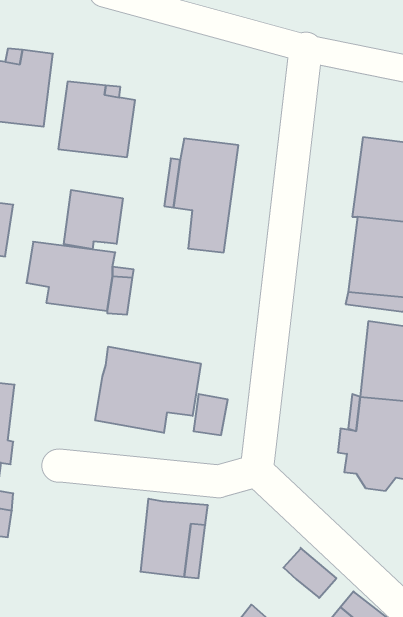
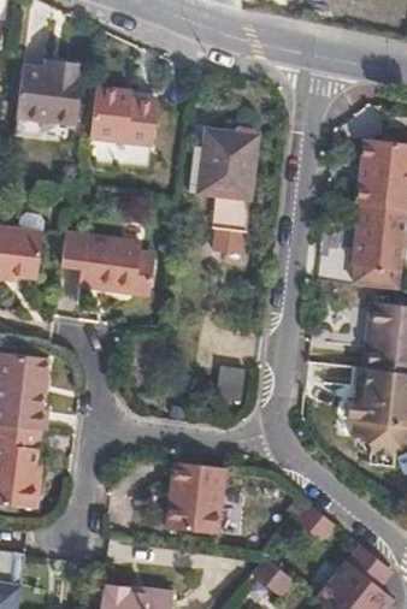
building: [64,190,123,249] -> none
building: [95,347,201,433] -> none

